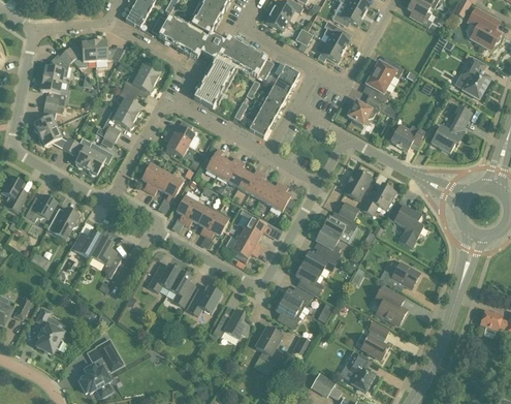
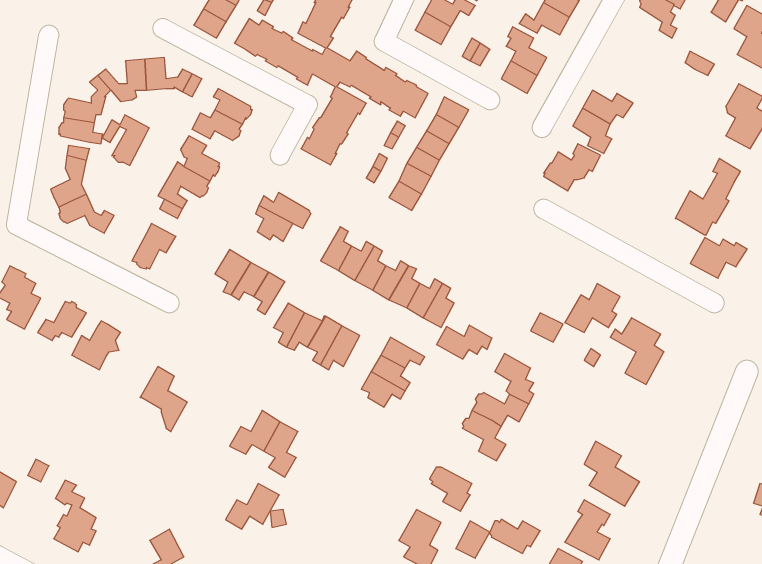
building: [390,123,426,149] -> [690,238,747,278]
building: [68,136,98,168] -> [102,115,149,165]
building: [343,168,371,199] -> none
building: [322,215,357,237] -> [437,325,492,359]
building: [72,229,102,257] -> none
building: [379,261,420,288] -> none
building: [187,286,221,315] -> [226,484,279,529]
building: [281,288,313,310] -> [490,519,540,553]
building: [213,309,248,339] -> none

